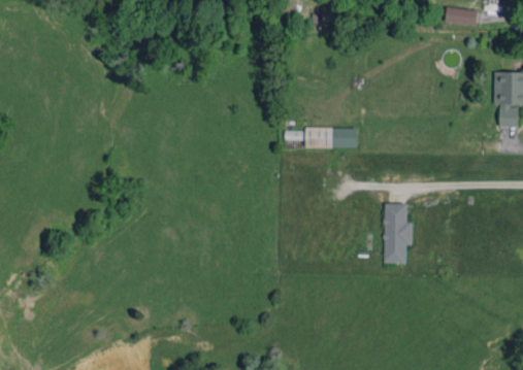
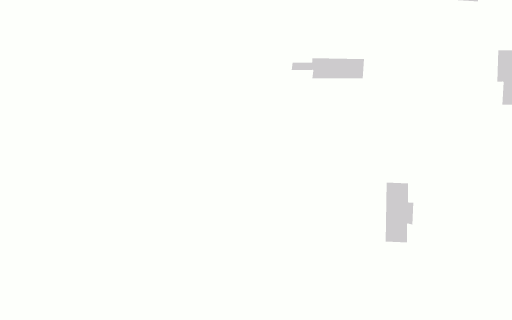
building: [284,127,357,147] -> [291,58,365,79]

